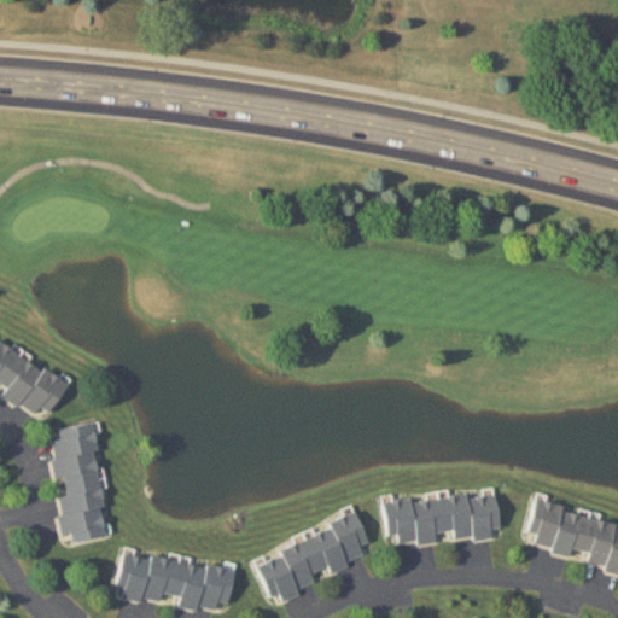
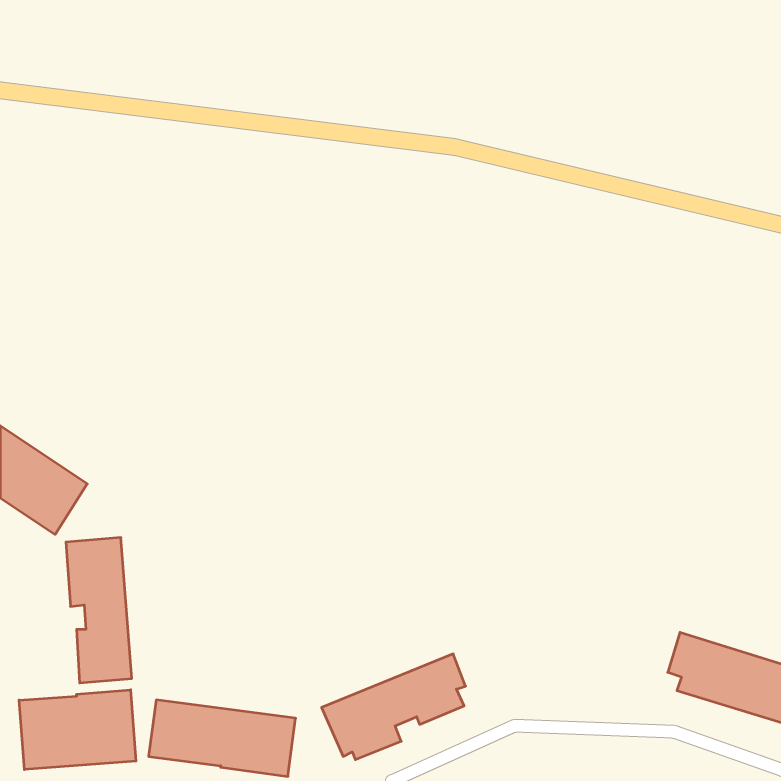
building: [385,491,500,546] -> none
building: none -> [19,690,136,770]

